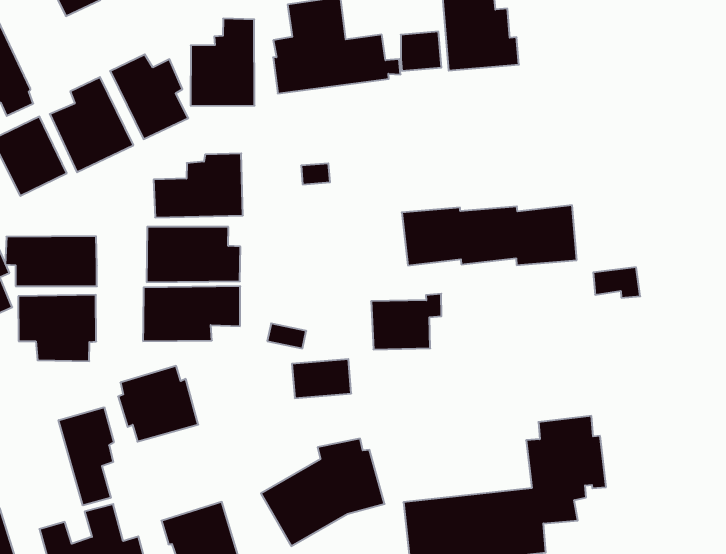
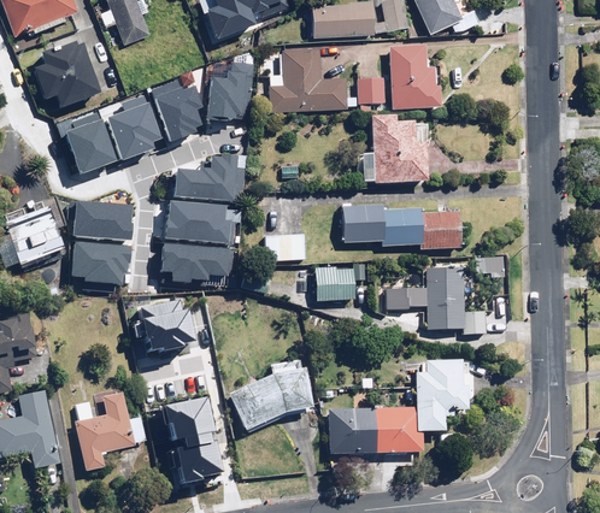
building: none -> [355,117,422,187]
building: none -> [387,269,489,334]
building: [292,359,351,398] -> [266,235,306,259]
building: [59,407,114,505] -> none

